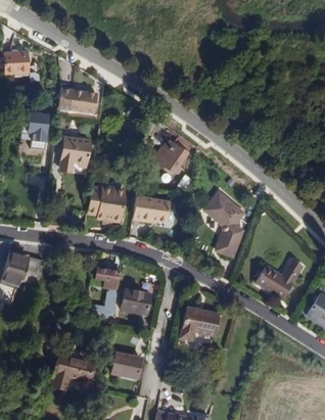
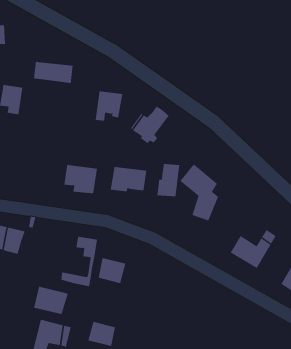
building: [62,137,91,168] -> [95,91,123,121]
building: none -> [157,163,180,197]
building: [180,307,218,341] -> none
building: none -> [33,286,68,315]

